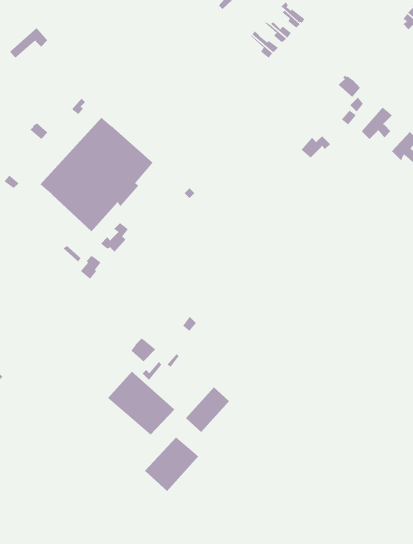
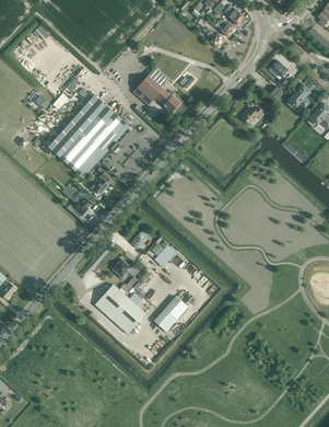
building: none -> [133,68,179,112]
building: [144,437,199,492] -> none

